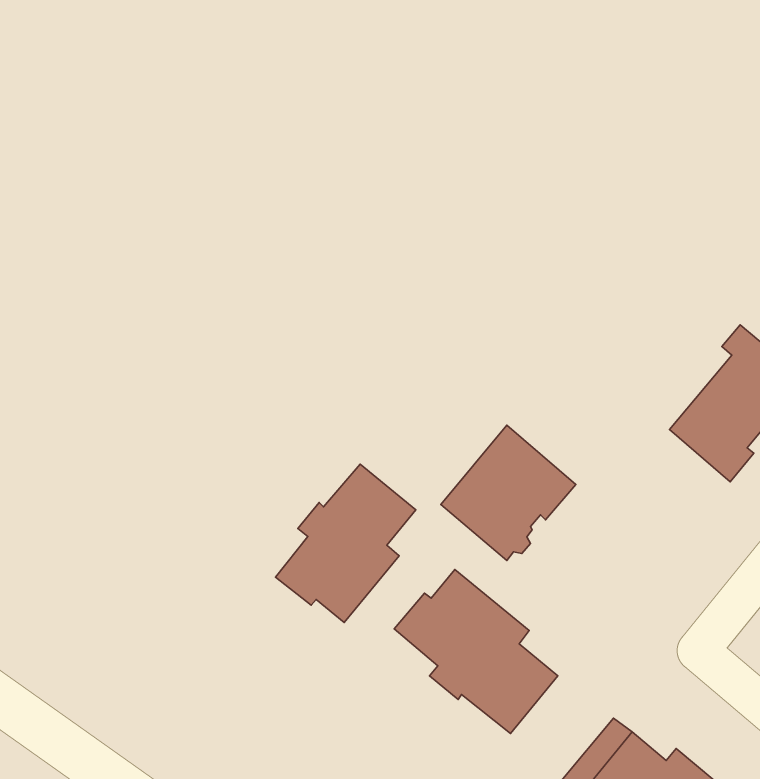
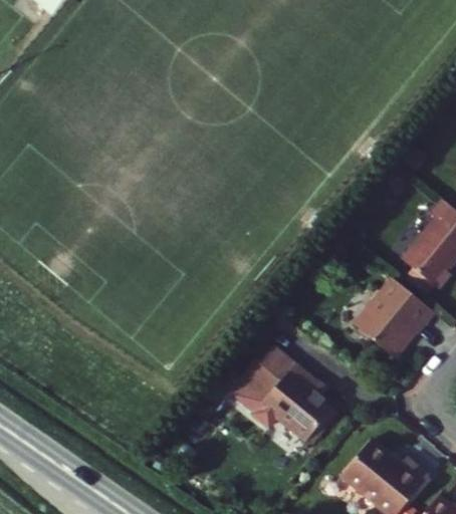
building: [441,425,576,560] -> [355,279,435,359]
building: [275,464,416,623] -> none

